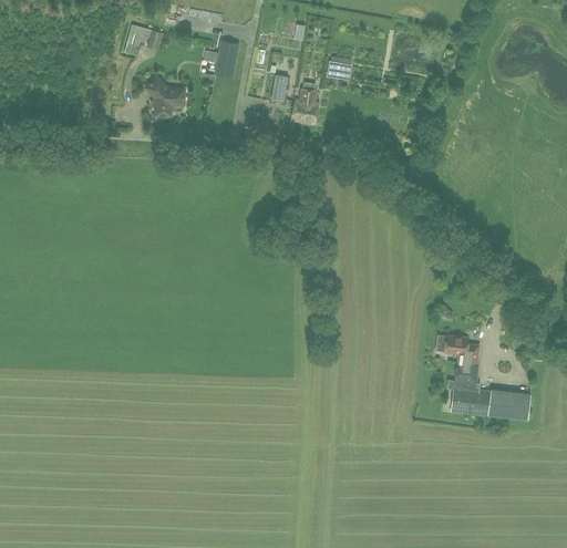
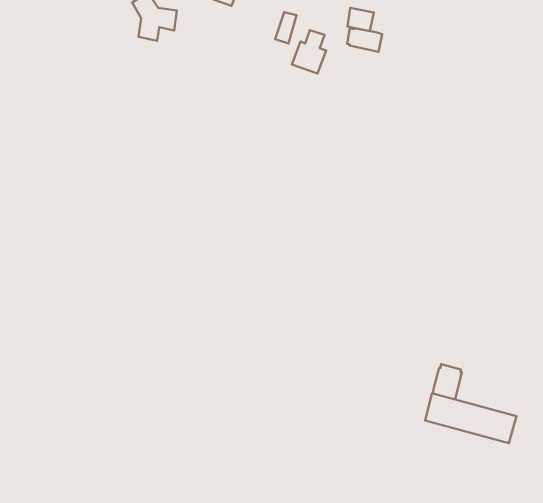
building: none -> [347,28,382,52]
building: [442,334,476,361] -> none

